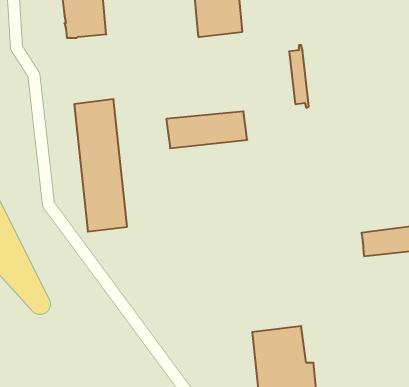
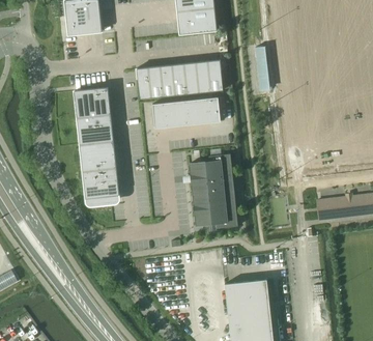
building: none -> [135,60,222,100]
building: none -> [189,153,237,228]

